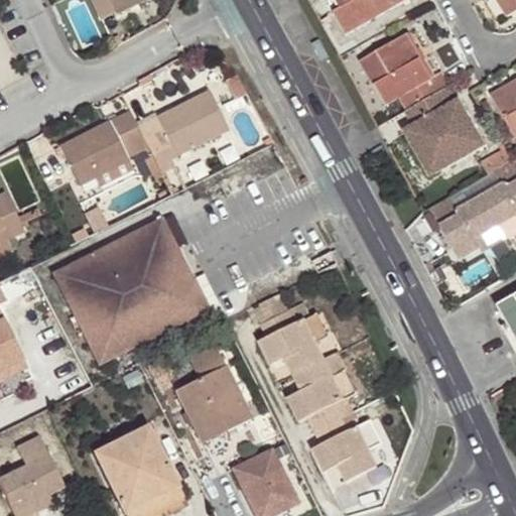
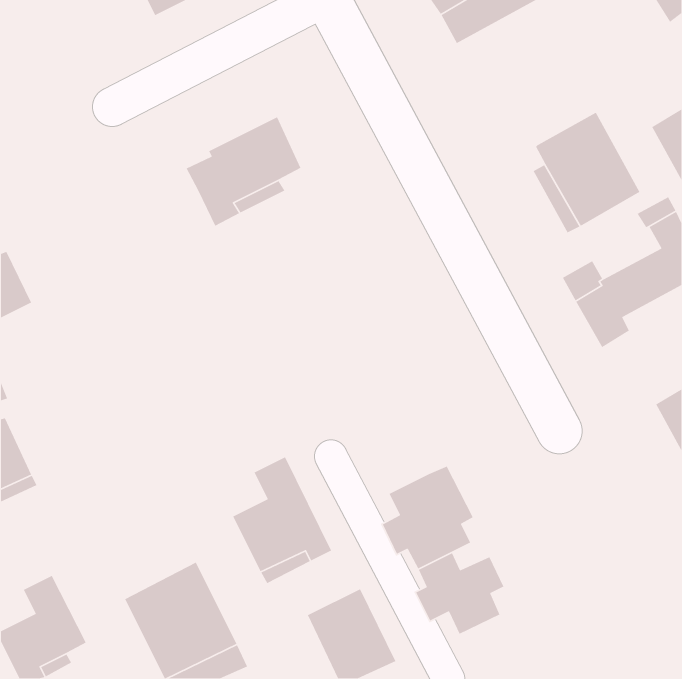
building: [360,35,449,109] -> none
building: [60,108,149,183] -> none
building: [53,213,213,363] -> none
building: [261,305,331,373] -> none

